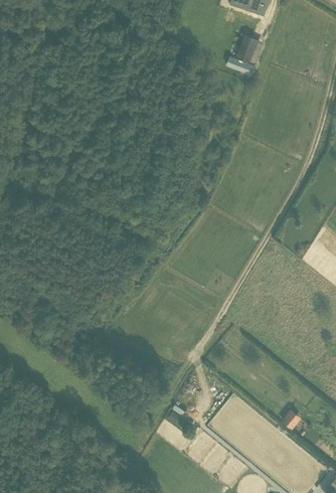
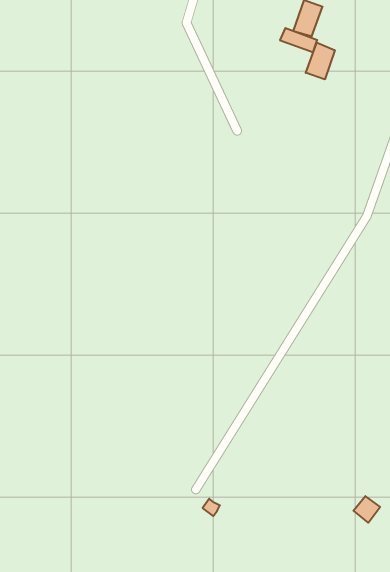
building: none -> [306,43,335,79]

